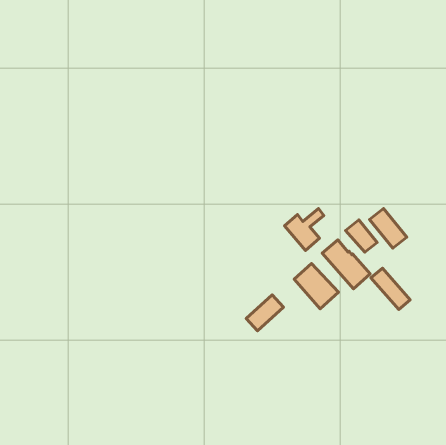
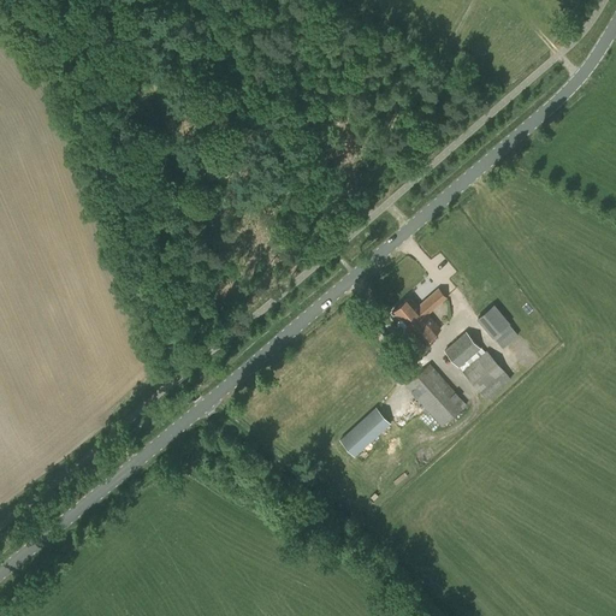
building: [370,209,407,248] -> none
building: [371,268,410,310] -> none

